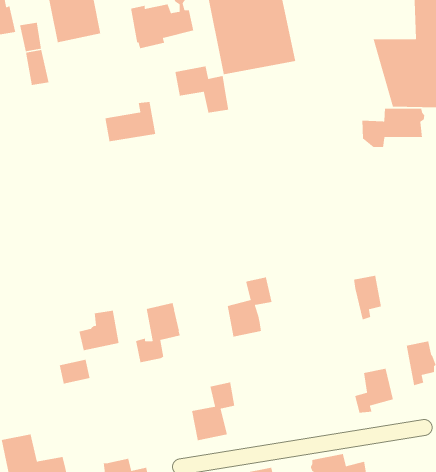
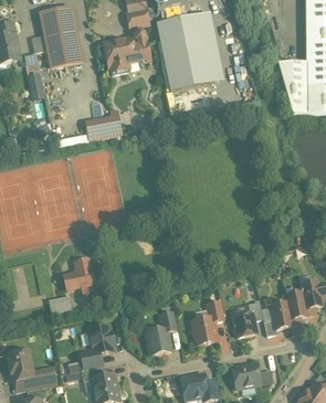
building: [174,66,229,113] -> none
building: [362,108,425,148] -> none
building: [353,275,382,320] -> [286,291,307,325]
building: [227,277,273,338] -> [192,300,225,344]
building: [135,302,181,363] -> [82,326,115,370]
building: none -> [233,300,264,337]

